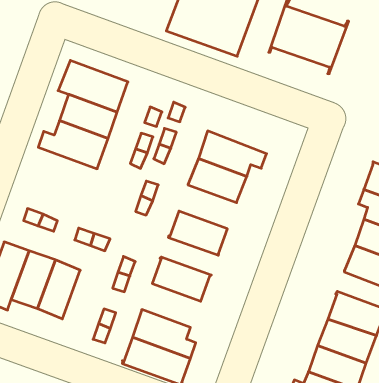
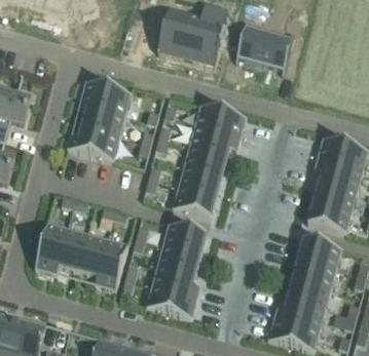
building: none -> [194,106,246,140]
building: none -> [178,168,221,199]
building: none -> [95,240,127,291]
building: none -> [156,245,200,276]

